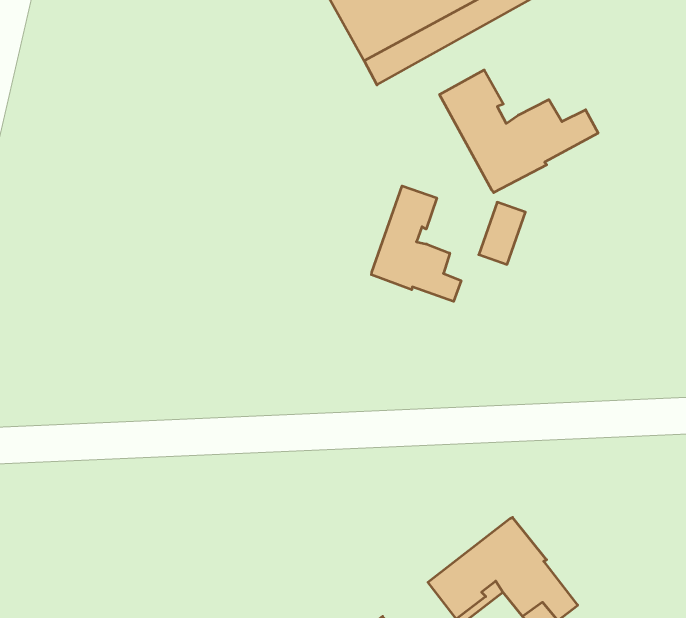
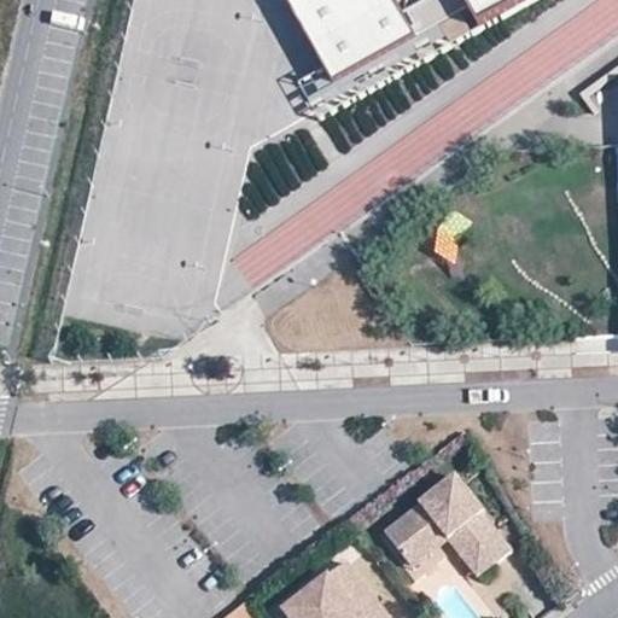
building: [440,70,598,193] -> none
building: [371,186,461,301] -> none

